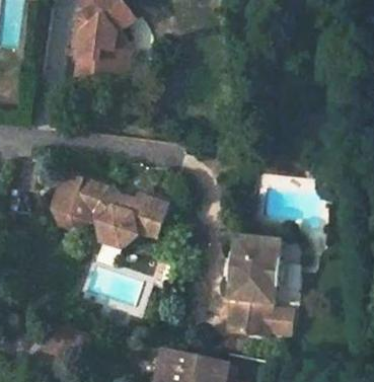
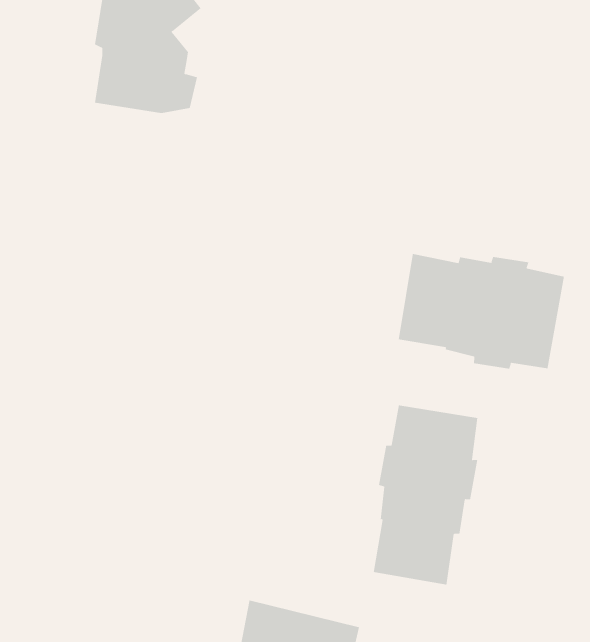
building: none -> [398,253,564,369]
building: [52,169,168,245] -> none

